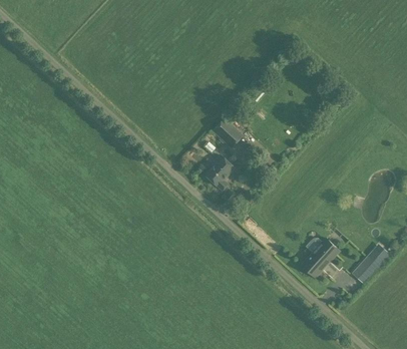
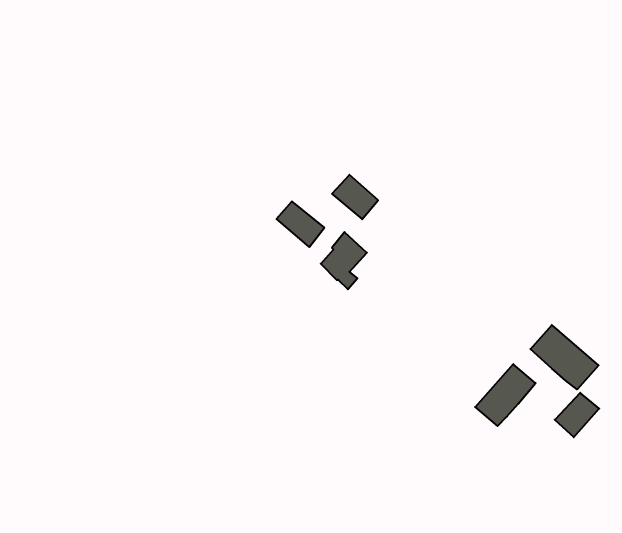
building: none -> [277,201,324,247]
building: none -> [530,325,599,389]

